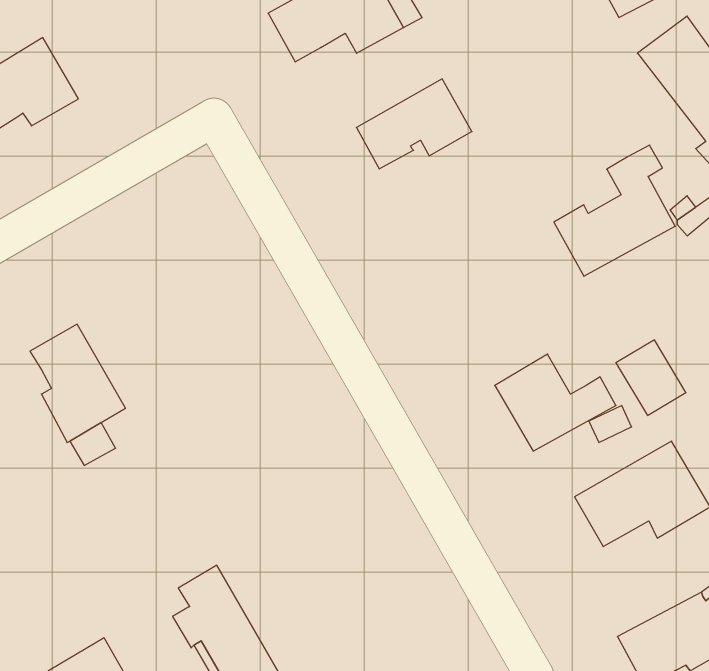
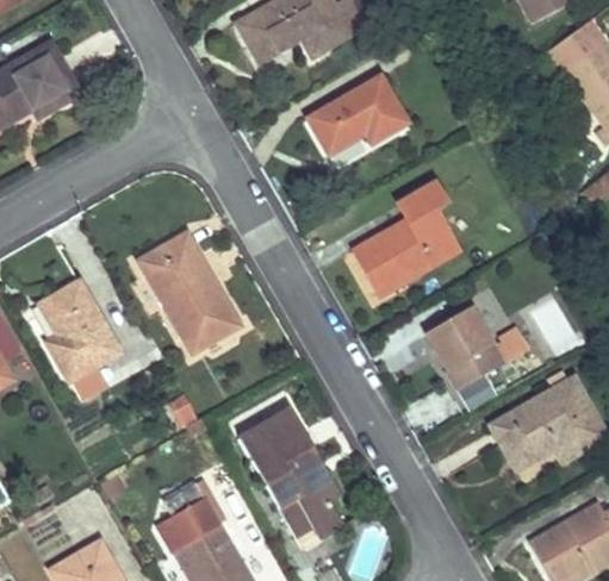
building: [554,145,675,276] -> [356,181,458,290]
building: none -> [138,231,240,352]
building: none -> [238,407,342,546]

